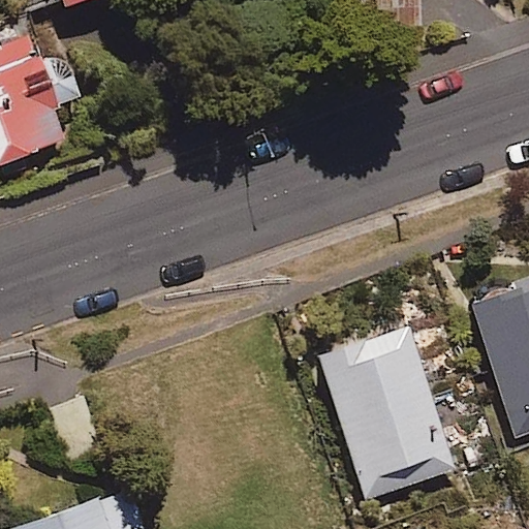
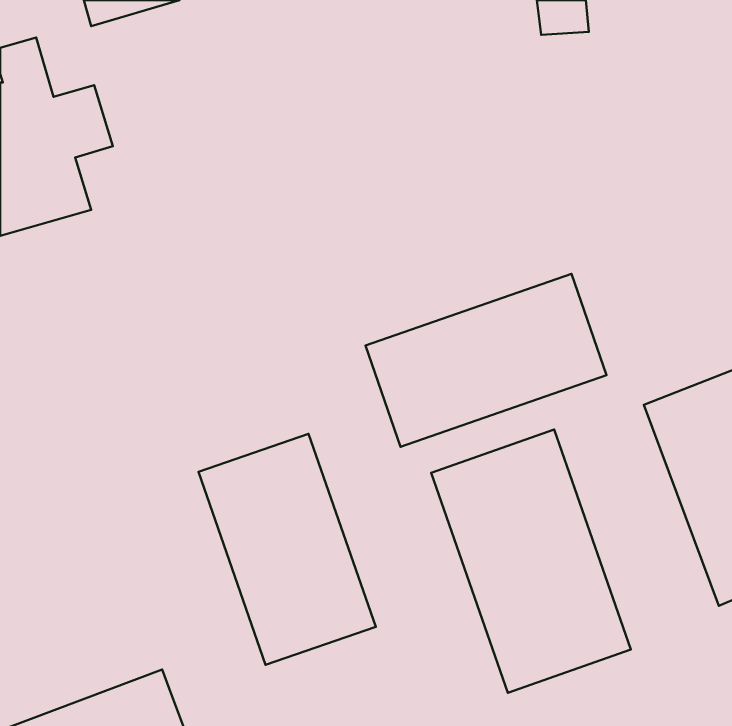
building: none -> [366,274,606,447]
building: none -> [198,434,376,665]

